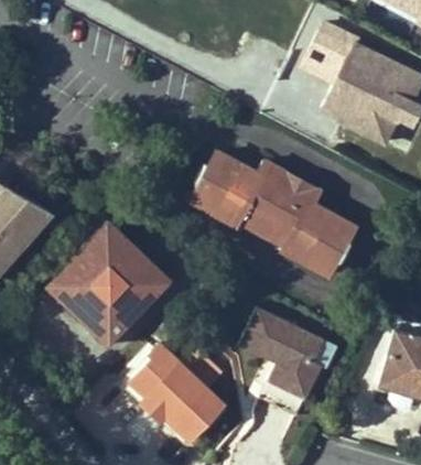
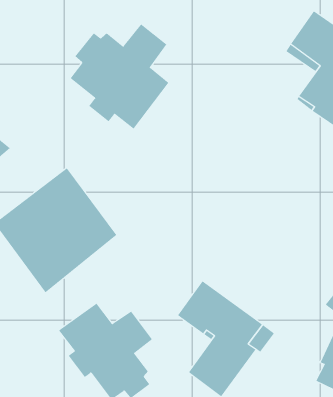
building: none -> [70,24,169,130]
building: [188,152,350,274] -> none

